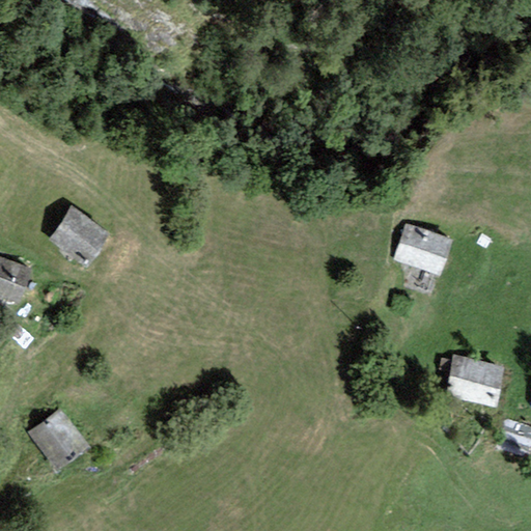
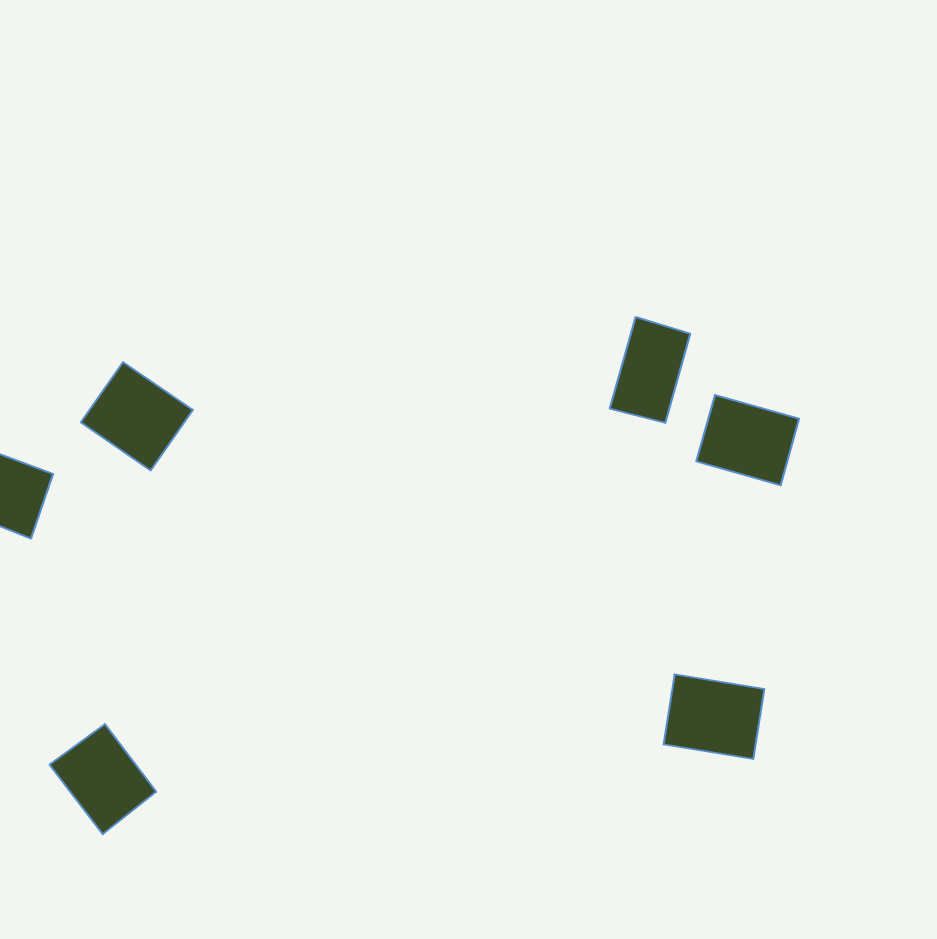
building: none -> [610,317,690,423]
building: [446,356,503,403] -> [663,674,764,759]

